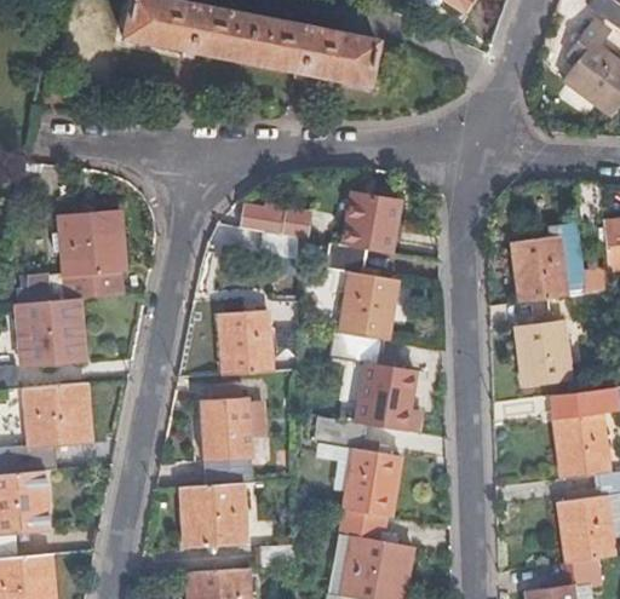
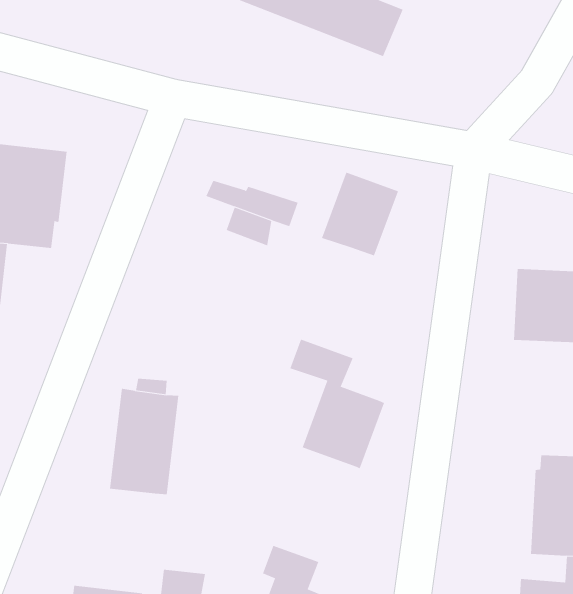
building: [325,243,398,341] -> none
building: [218,311,271,375] -> none
building: [517,321,572,385] -> none
building: [320,419,406,518] -> none
building: [180,484,245,547] -> none

